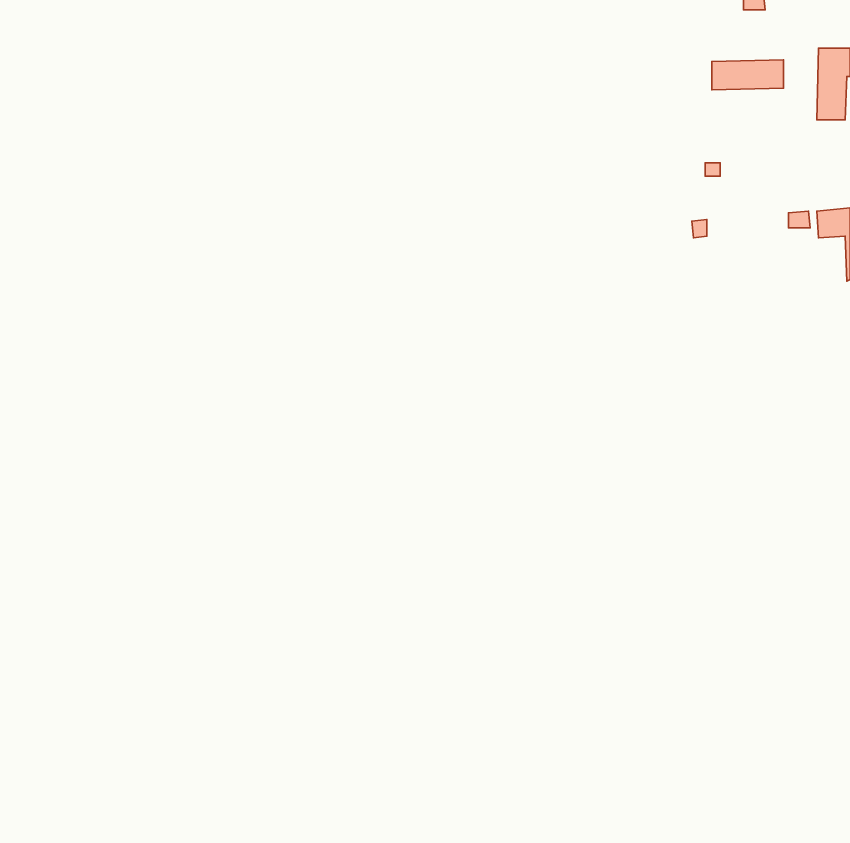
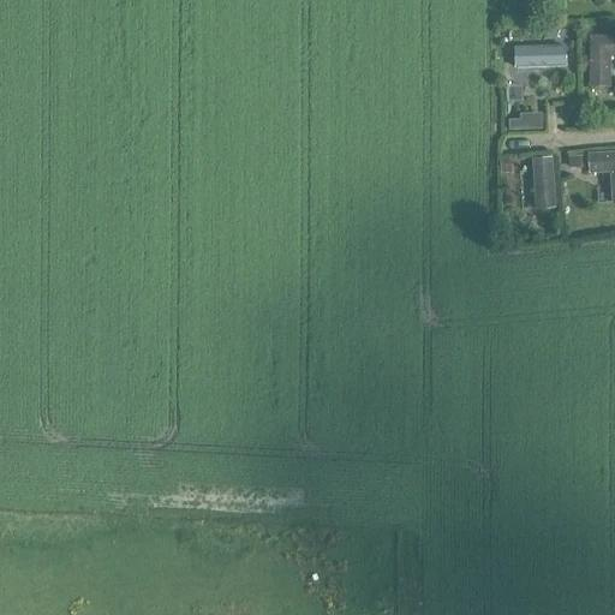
building: none -> [533,156,557,208]

